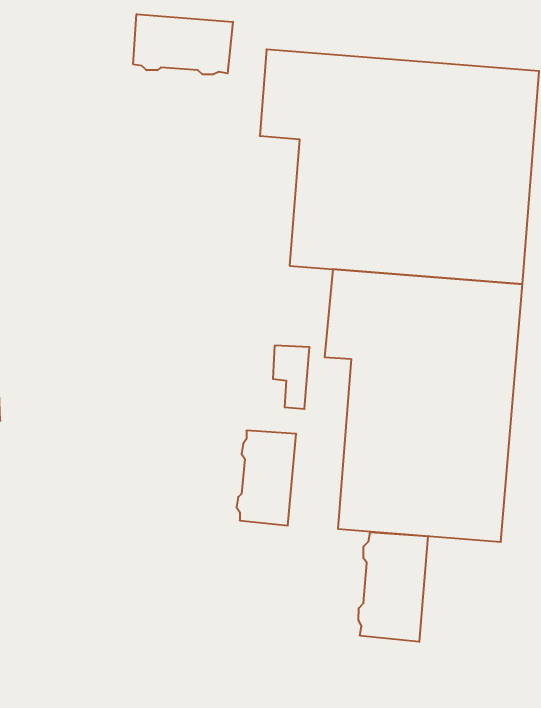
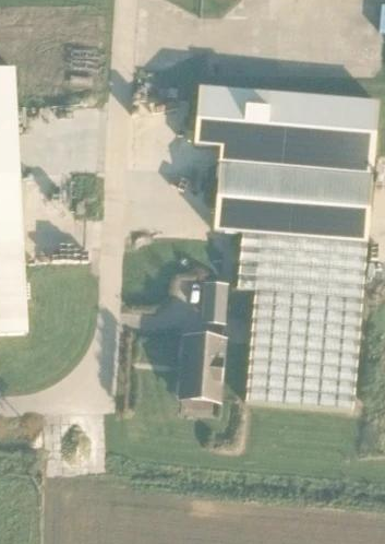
building: [133,14,233,75] -> none
building: [359,532,428,642] -> none

